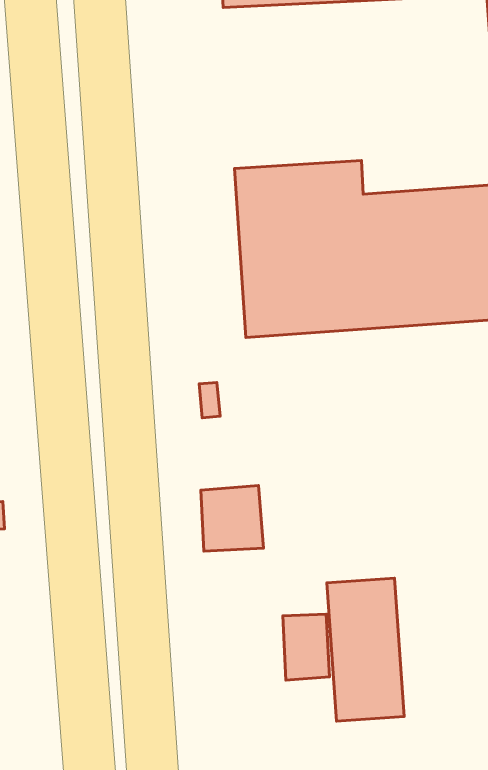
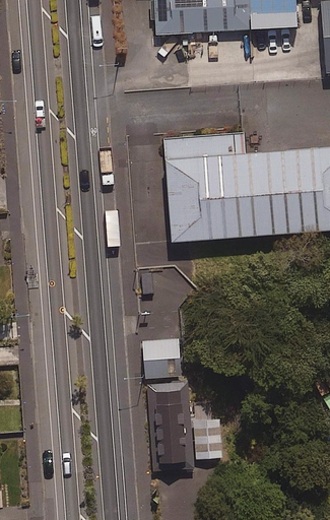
building: [327,578,404,721] -> [145,382,194,472]

